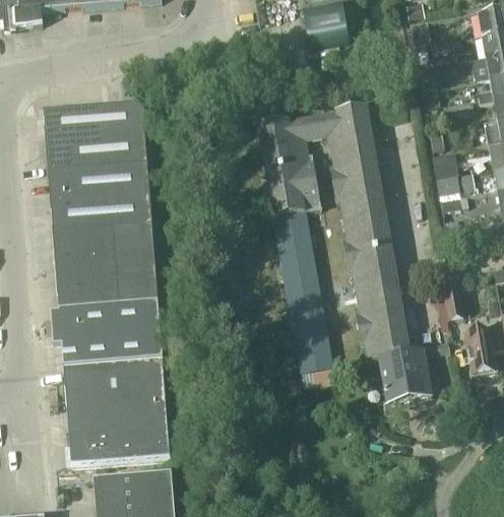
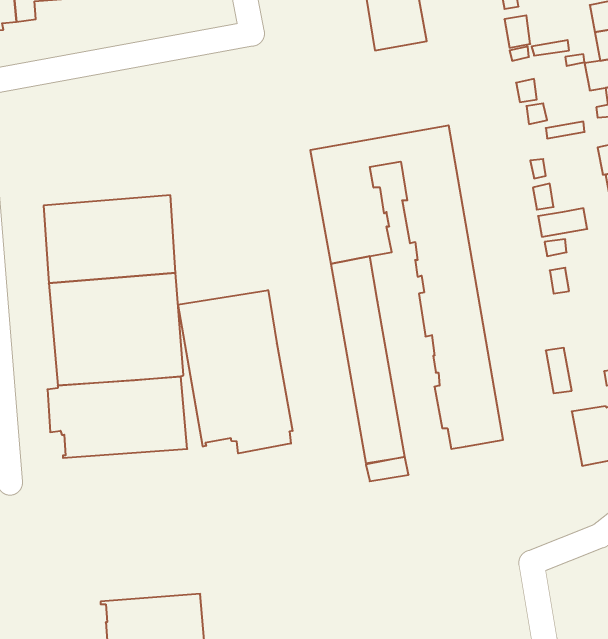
building: [44,100,148,169] -> none
building: none -> [178,290,293,453]
building: [380,339,450,401] -> none
building: [64,360,169,464] -> none

